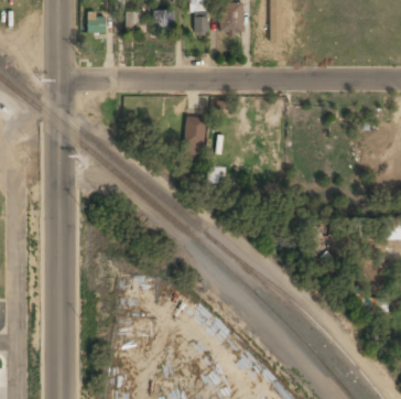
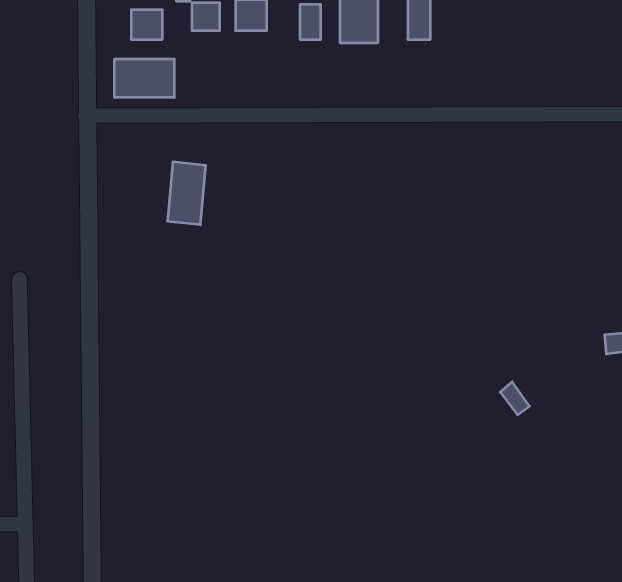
building: none -> [115,59,174,98]
building: [183,115,207,154] -> [167,162,206,225]

